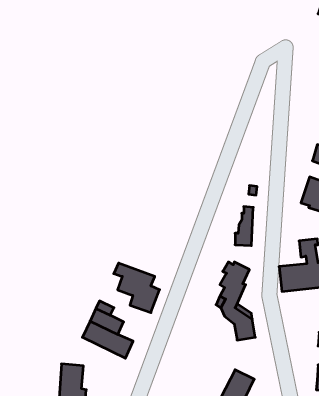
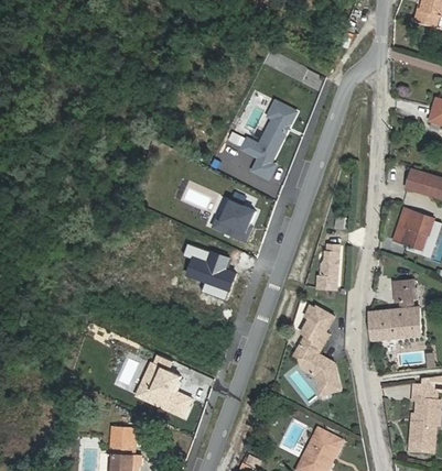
building: none -> [247,98,302,176]
building: none -> [218,197,261,239]
building: [114,263,160,313] -> [186,241,239,298]

